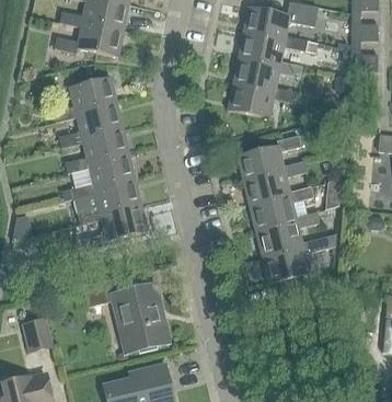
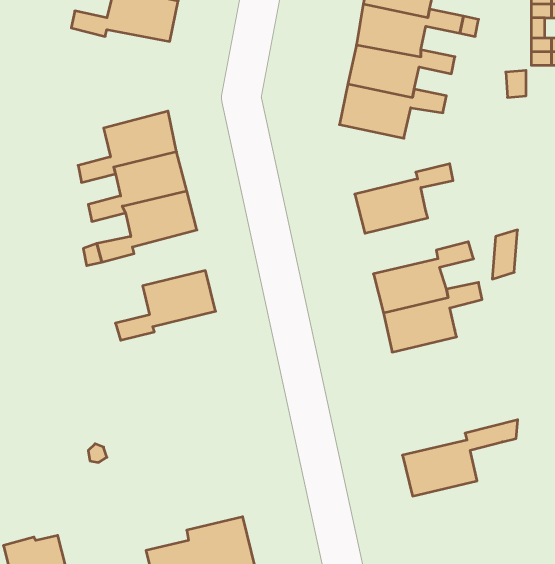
building: [53,74,117,122] -> none
building: [244,160,308,206] -> none
building: [78,177,141,223] -> none
building: [262,233,336,283] -> [402,420,518,496]
building: [83,277,168,351] -> none
building: [23,318,53,352] -> none

